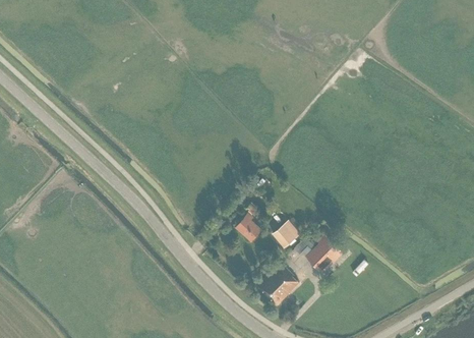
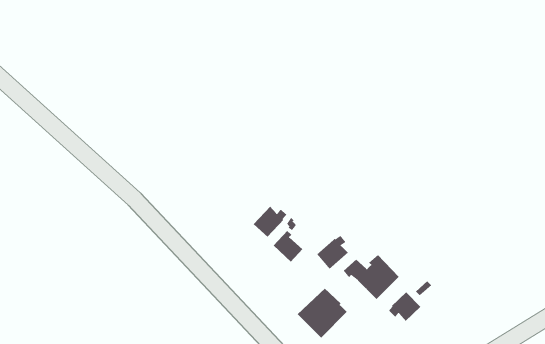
building: none -> [253,206,287,238]
building: none -> [388,291,421,322]

